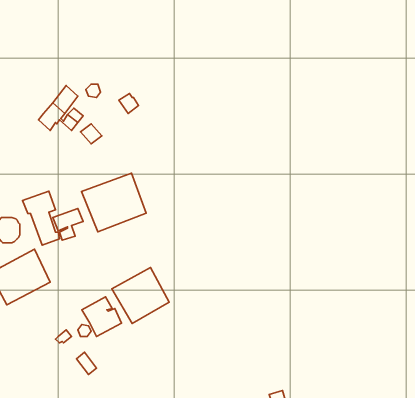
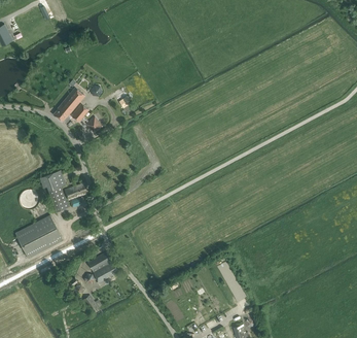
building: [81,173,146,232] -> none
building: [112,267,169,323] -> none

